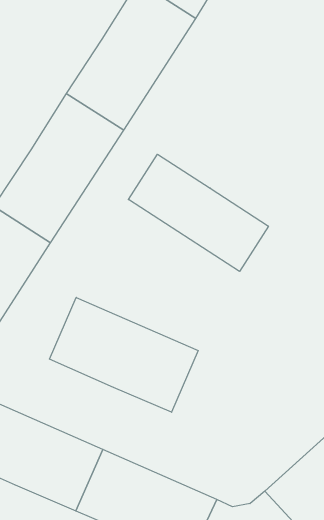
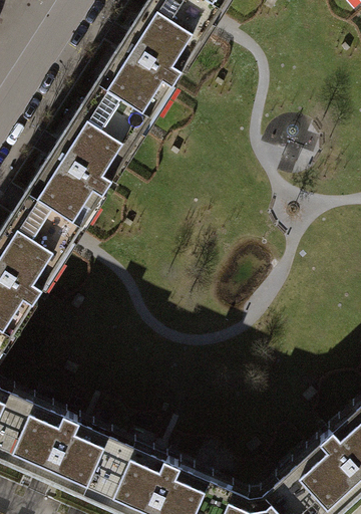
building: [128,154,268,271] -> none
building: [50,297,198,412] -> none

